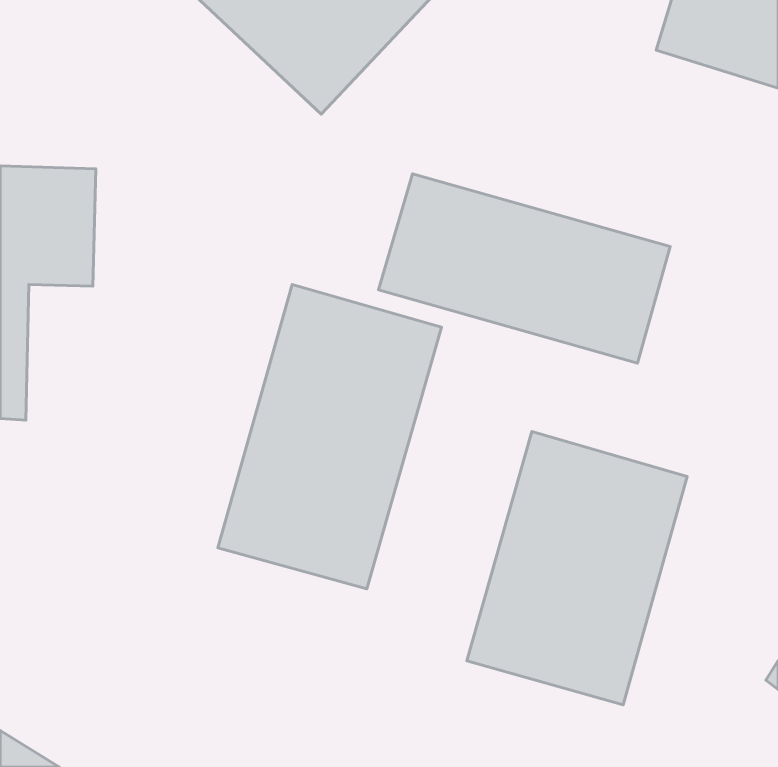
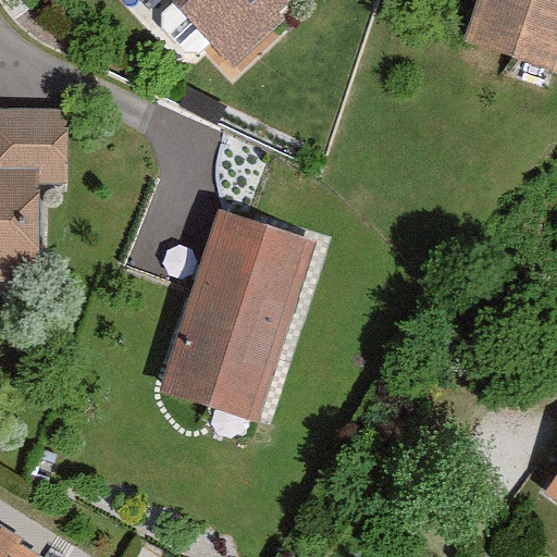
building: [378,174,670,363] -> none
building: [467,431,687,705] -> none

